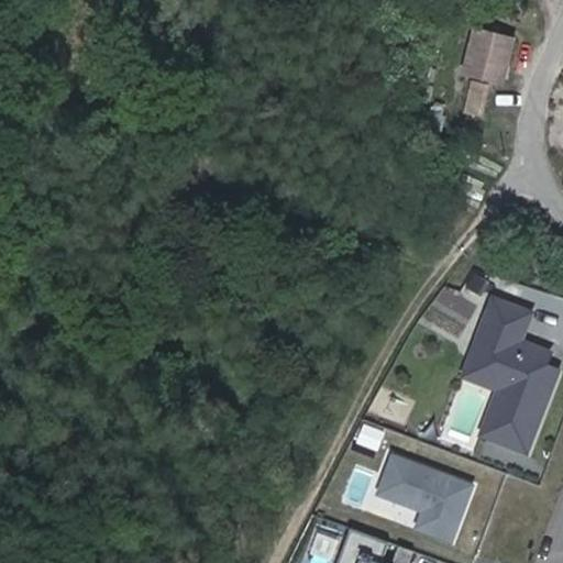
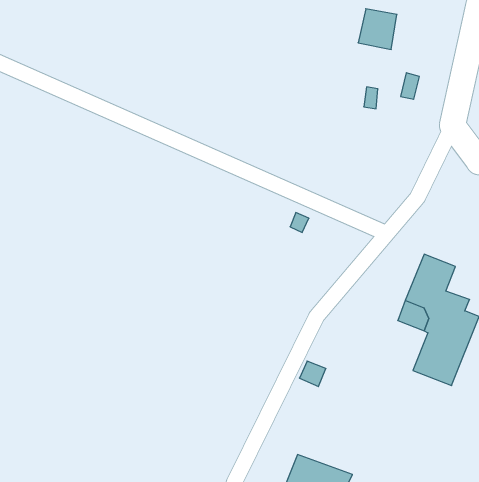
building: [470,34,515,81] -> [358,9,397,49]
building: [375,455,471,542] -> none

